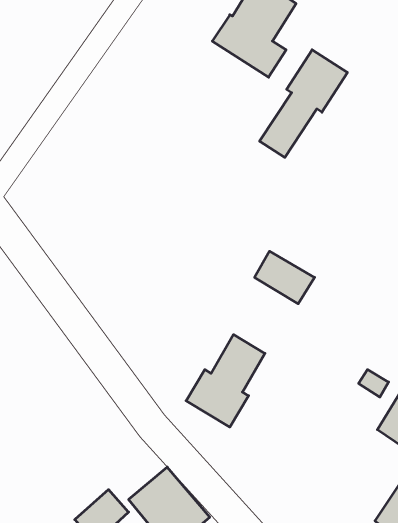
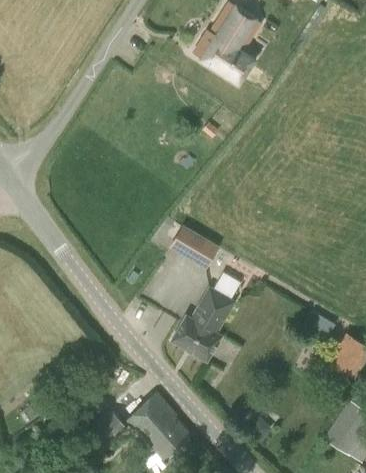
building: [260,50,347,157] -> none
building: [255,251,315,304] -> [171,226,219,268]

